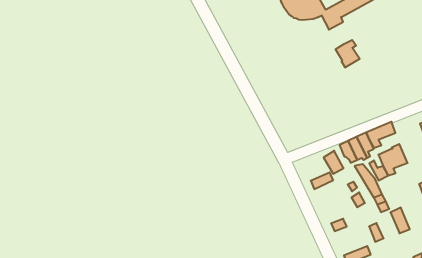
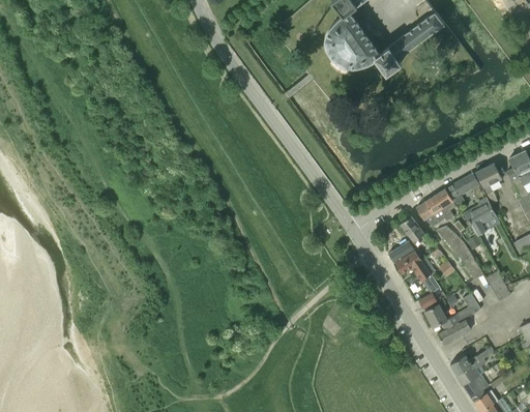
building: [336,40,360,68] -> none
building: none -> [475,163,502,204]
building: none -> [394,251,436,282]
building: none -> [424,304,461,329]

